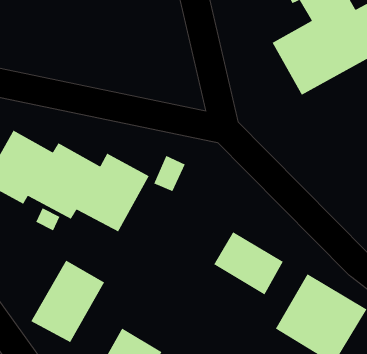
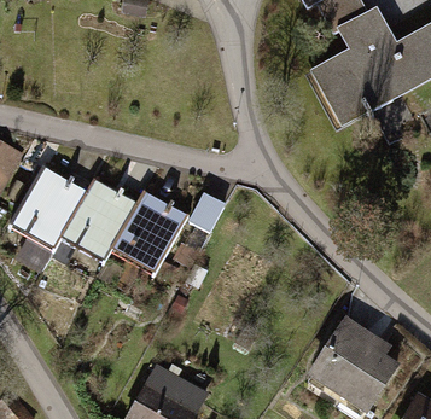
building: [213,231,284,295] -> none
building: [30,259,105,343] -> none

